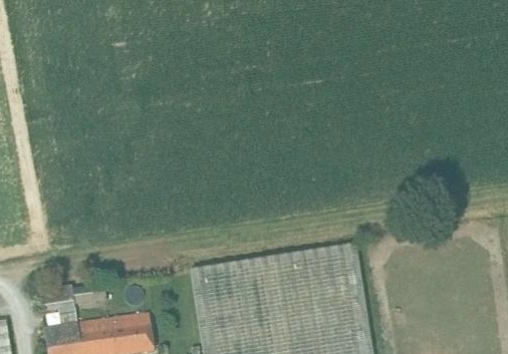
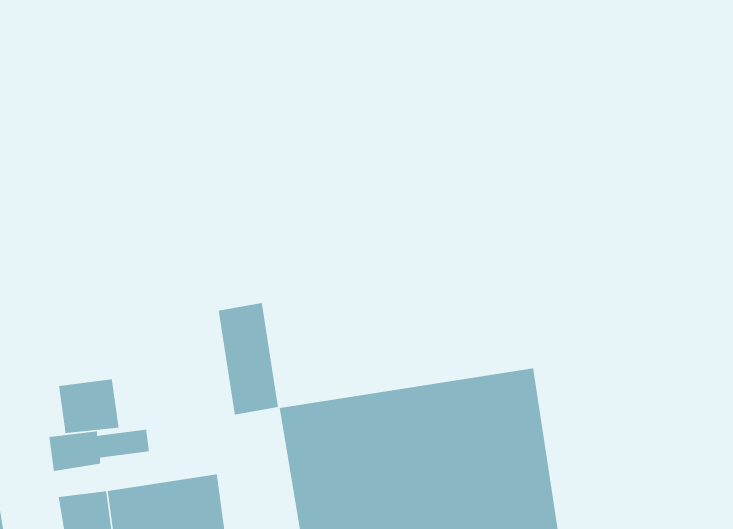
building: none -> [218,302,279,415]
building: none -> [58,378,120,434]

